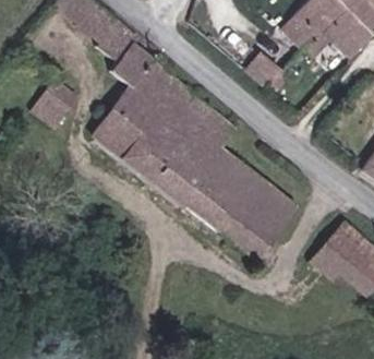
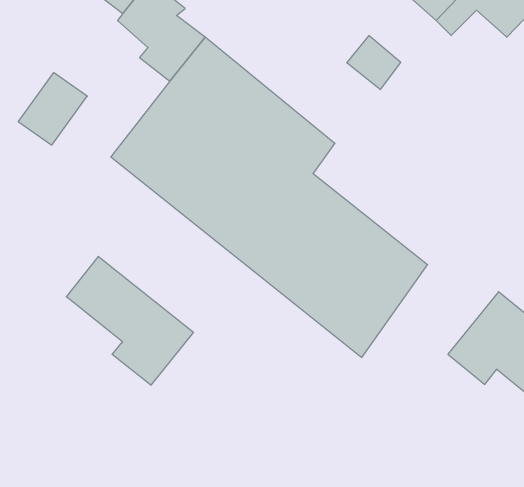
building: none -> [66,256,193,385]

